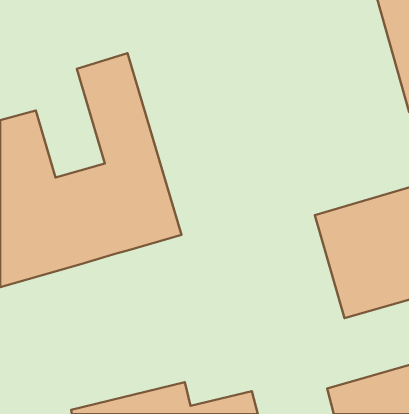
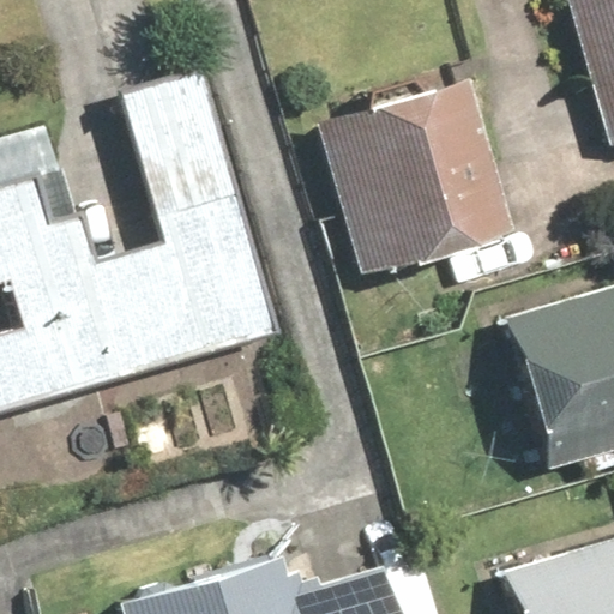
building: none -> [325,97,529,291]

